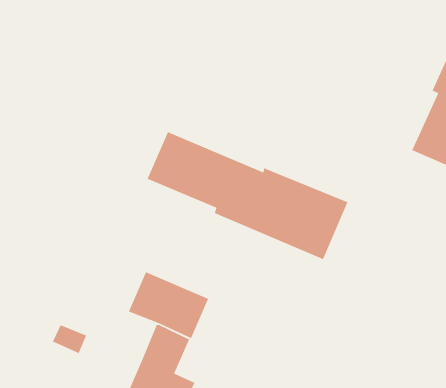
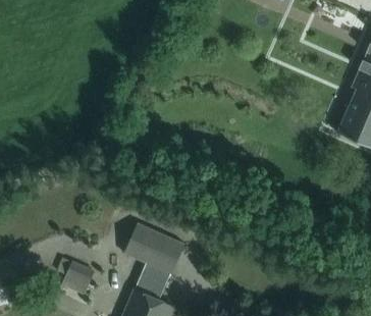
building: [146,131,348,260] -> none

